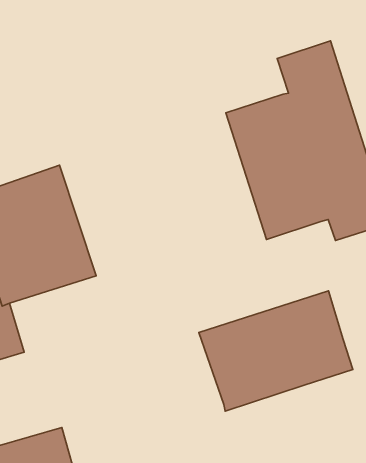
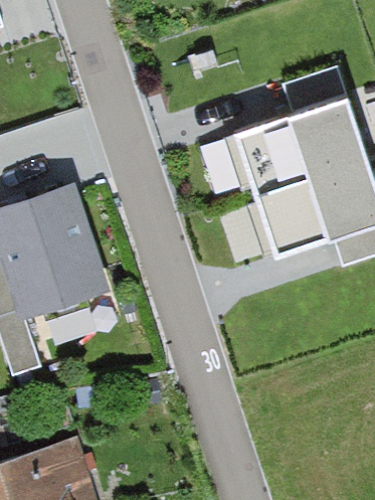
building: [199,291,353,411] -> none

